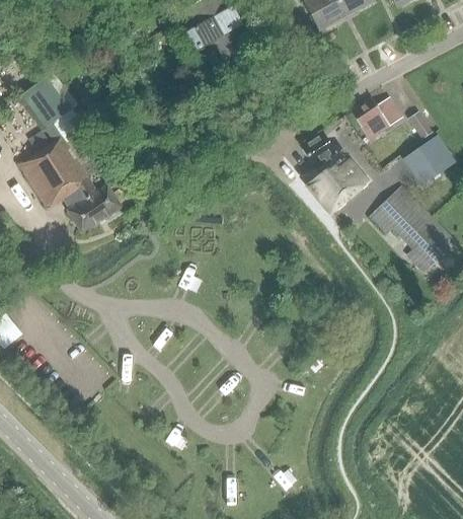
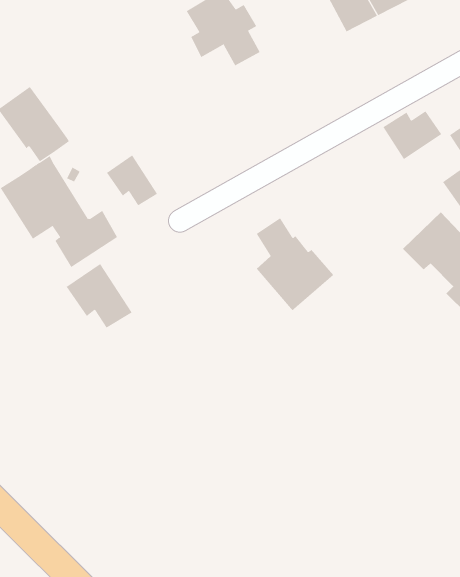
building: [300,130,368,211] -> [256,217,334,311]
building: none -> [106,155,158,206]
building: none -> [66,263,133,329]

